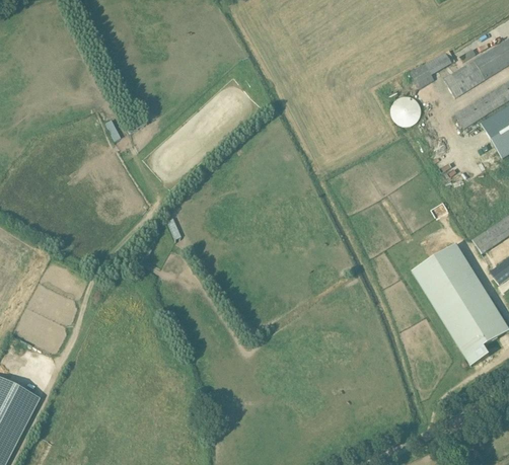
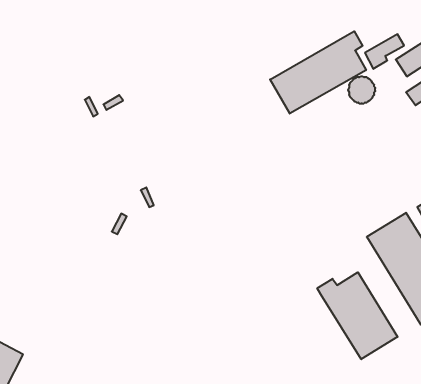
building: none -> [270,31,366,114]
building: none -> [317,272,398,359]

